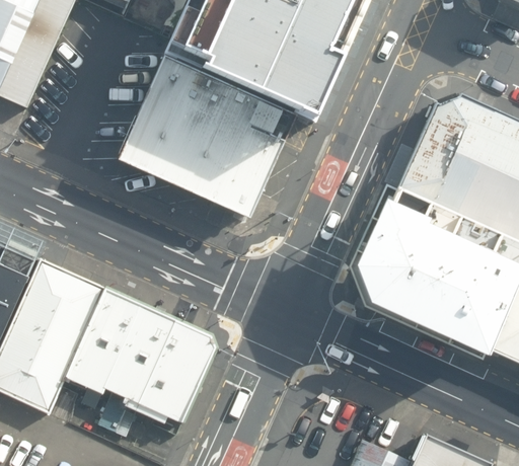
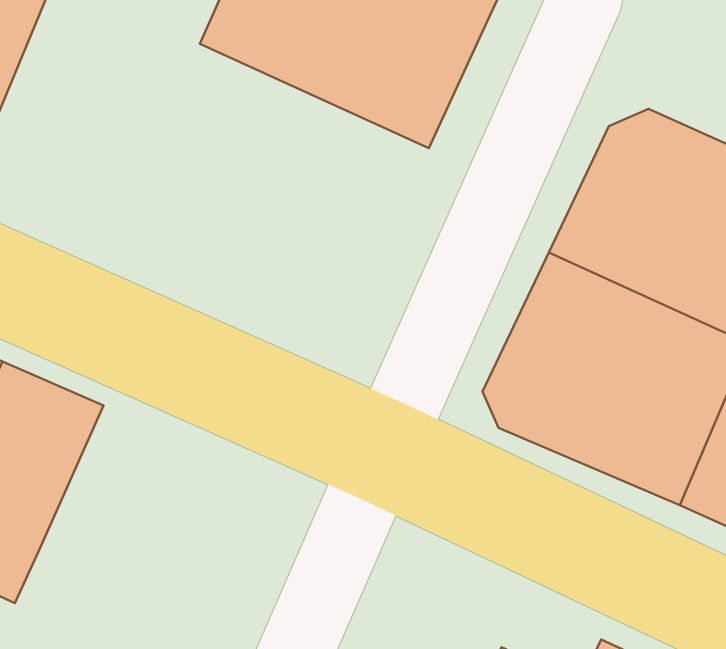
building: [117,61,289,218] -> none
building: [65,285,218,422] -> none

